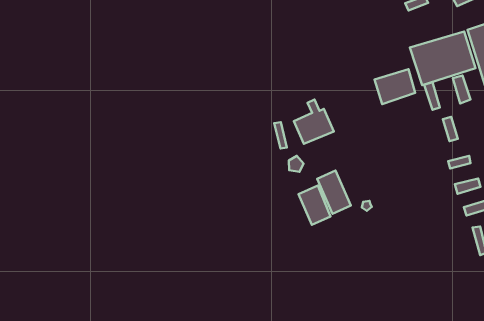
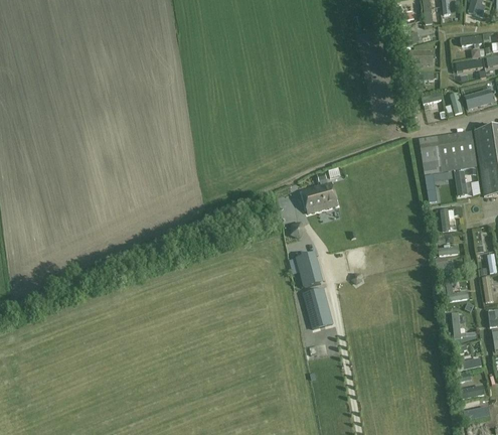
building: [374,69,415,104] -> none
building: [317,171,351,214] -> [304,291,331,330]

